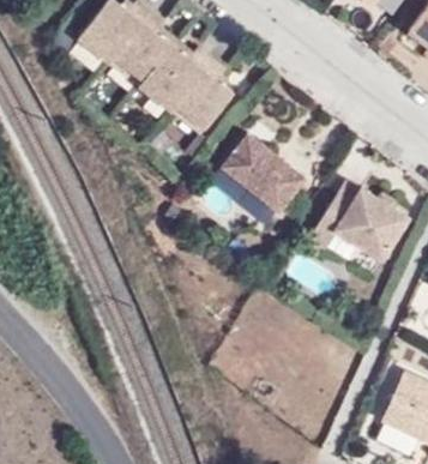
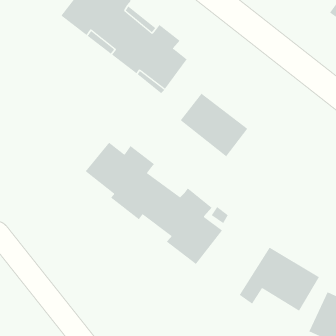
building: [311,177,410,257] -> [239,247,320,311]
building: none -> [85,142,223,265]

